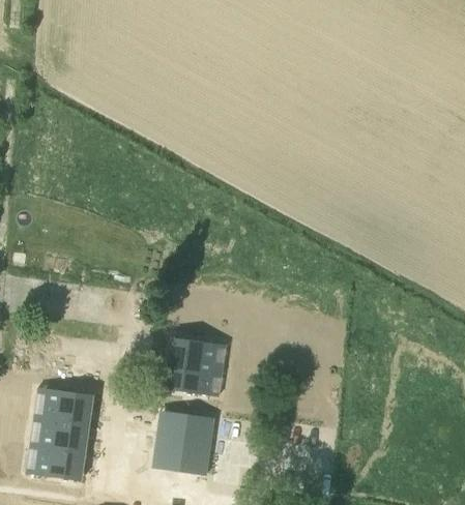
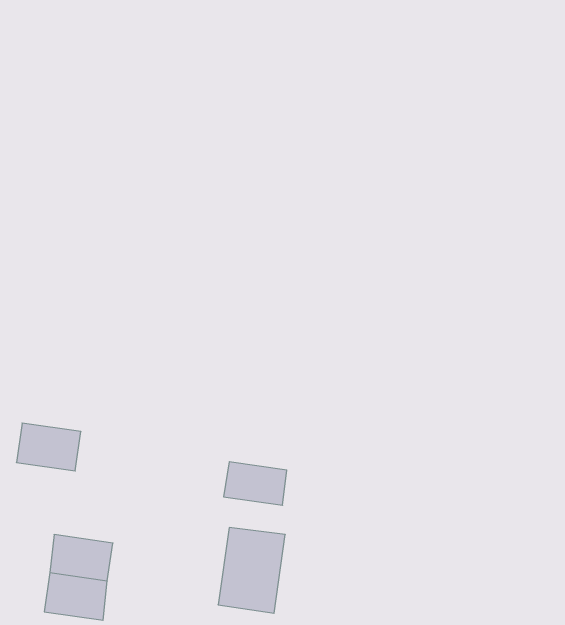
building: [173,337,220,369] -> none
building: [43,388,91,423] -> [16,423,81,471]

